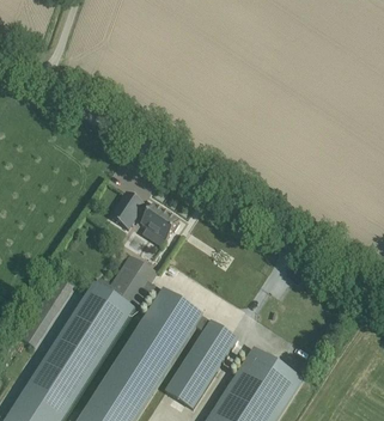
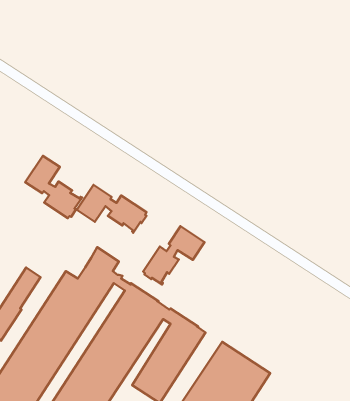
building: none -> [25,156,82,218]
building: none -> [143,226,205,285]

